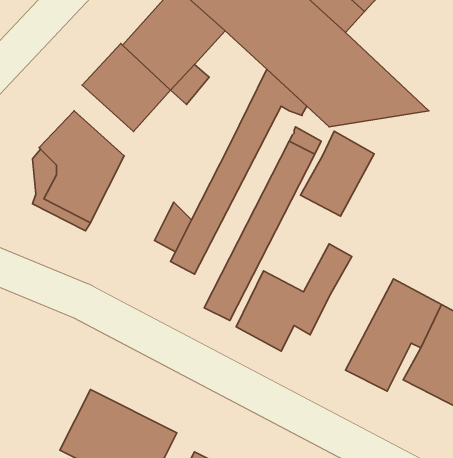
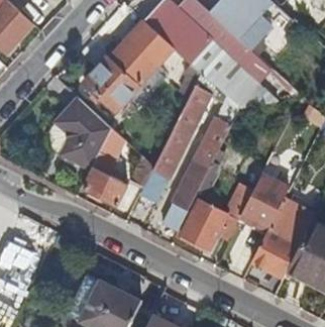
building: [300,131,374,216] -> [239,175,286,228]
building: none -> [84,126,126,205]

